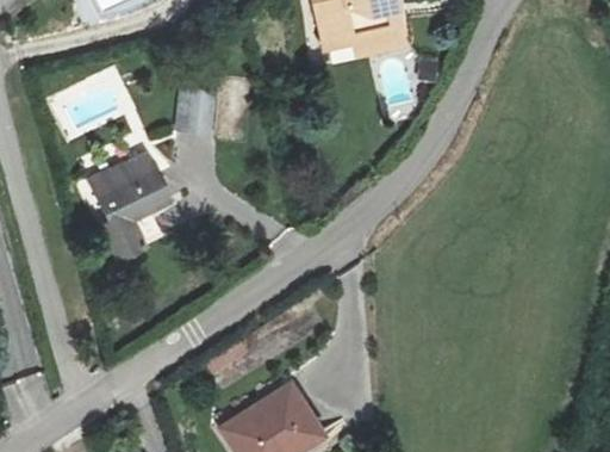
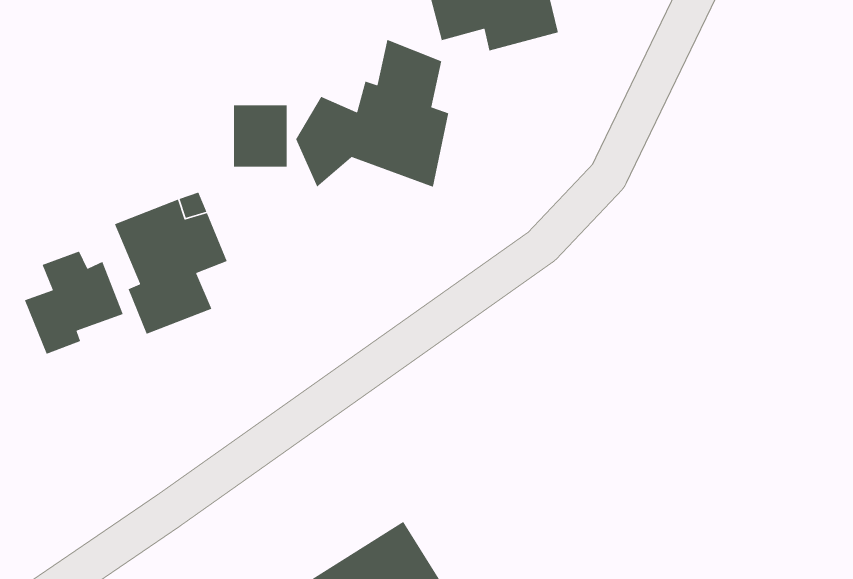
building: none -> [295,39,449,188]
building: none -> [24,250,124,355]

